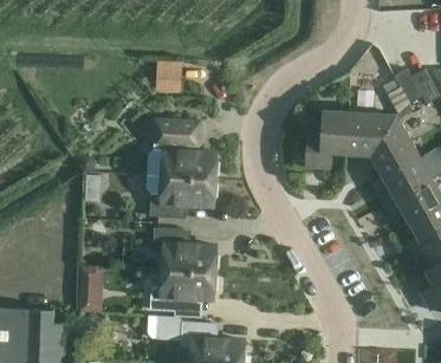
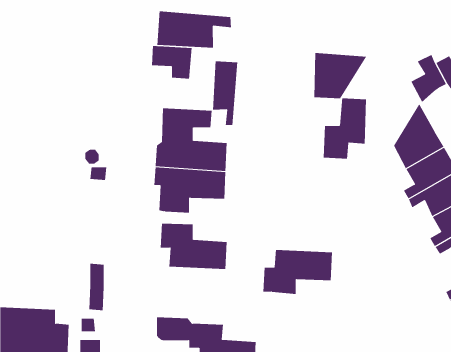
building: none -> [157,11,231,48]
building: none -> [212,61,238,126]
building: [345,111,396,155] -> [313,53,367,99]
building: [148,270,214,312] -> [263,250,333,295]

